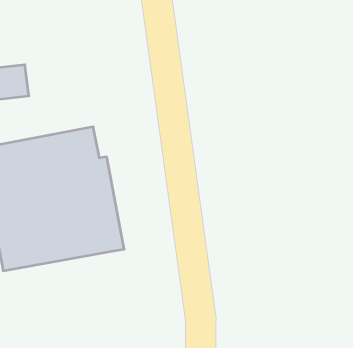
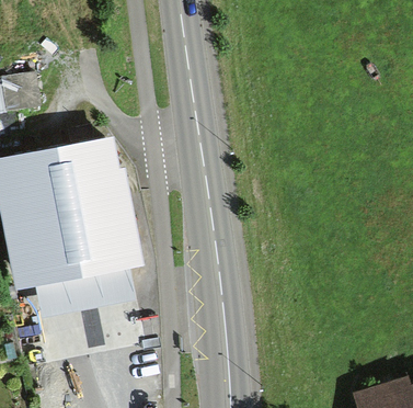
building: none -> [34,270,137,318]

